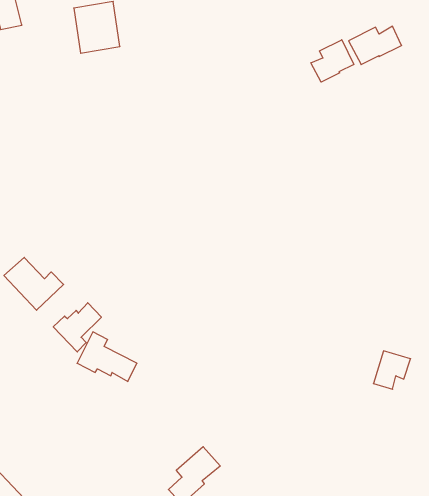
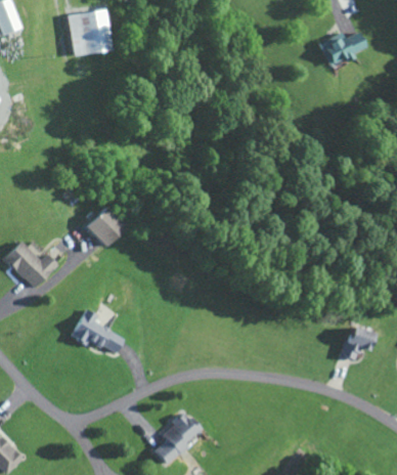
building: [311,40,354,82] -> none
building: none -> [85,207,126,248]
building: [53,303,101,352] -> none

